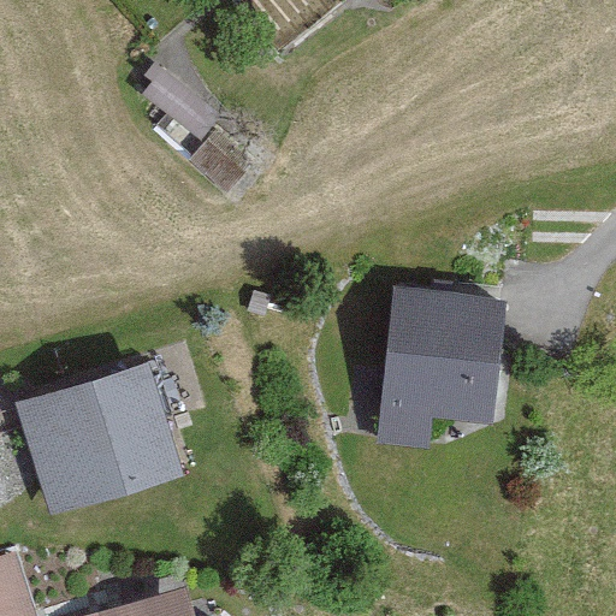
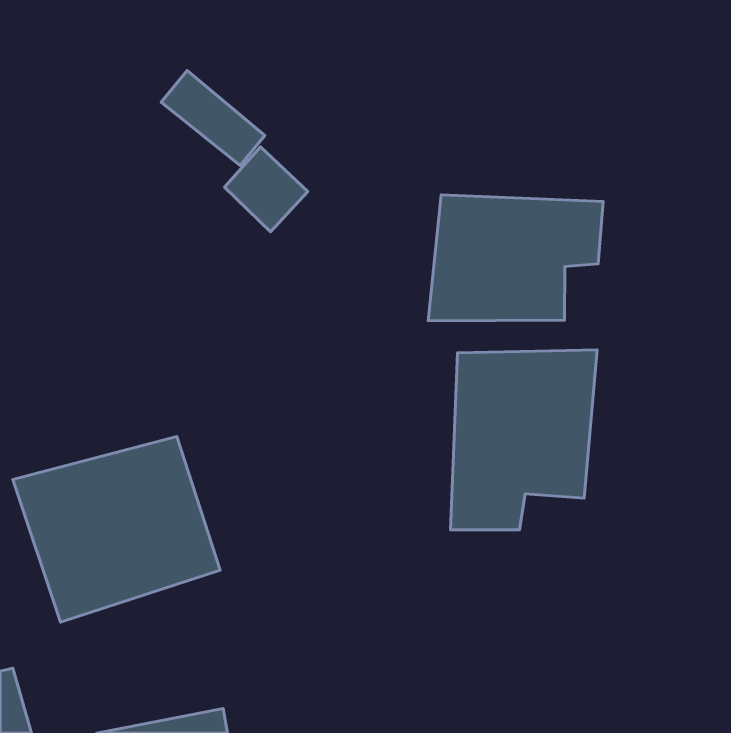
building: none -> [428,195,603,321]

